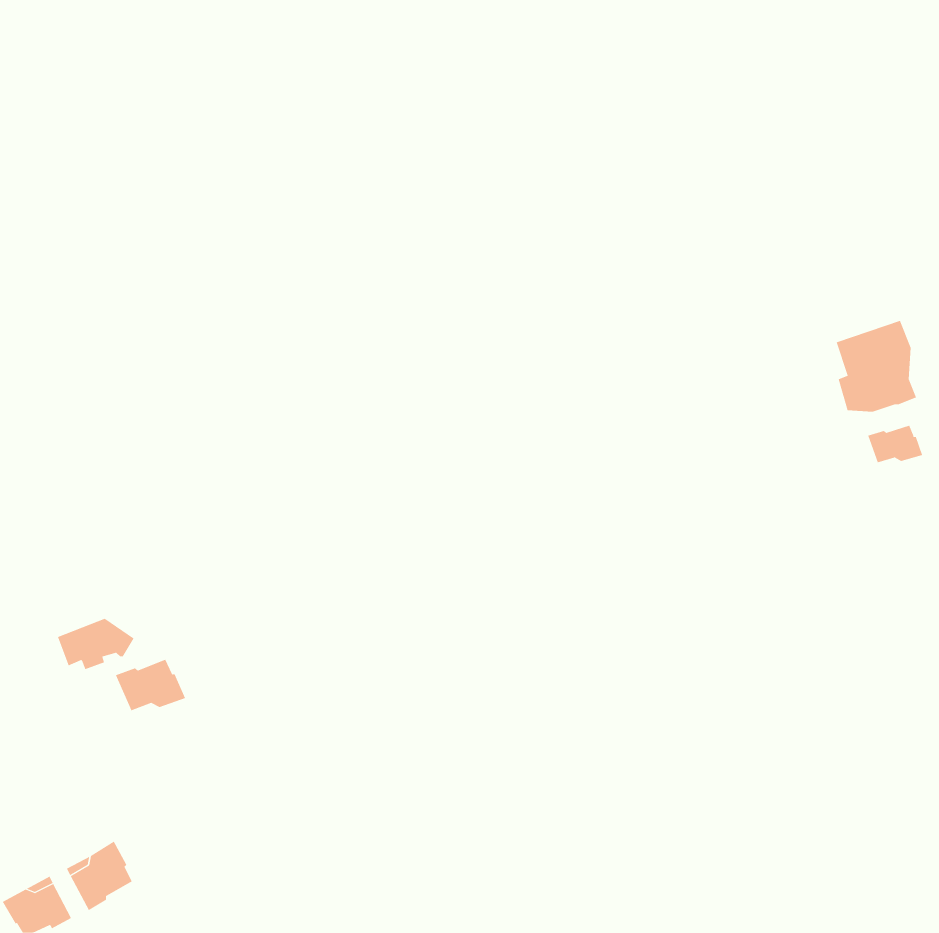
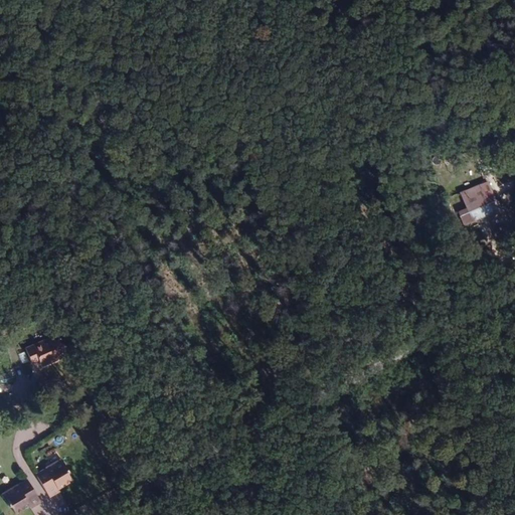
building: [867,425,923,463] -> none
building: [115,659,186,711] -> none

